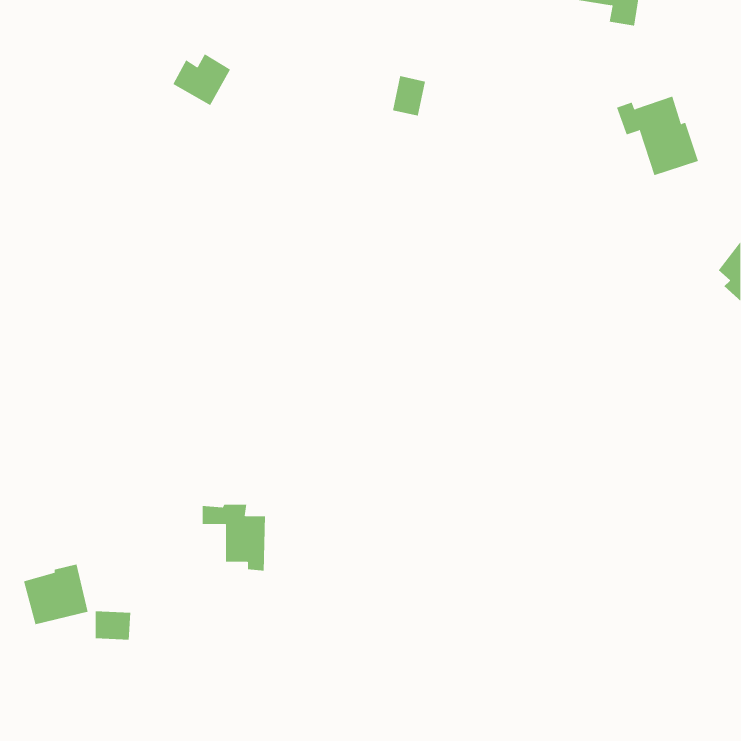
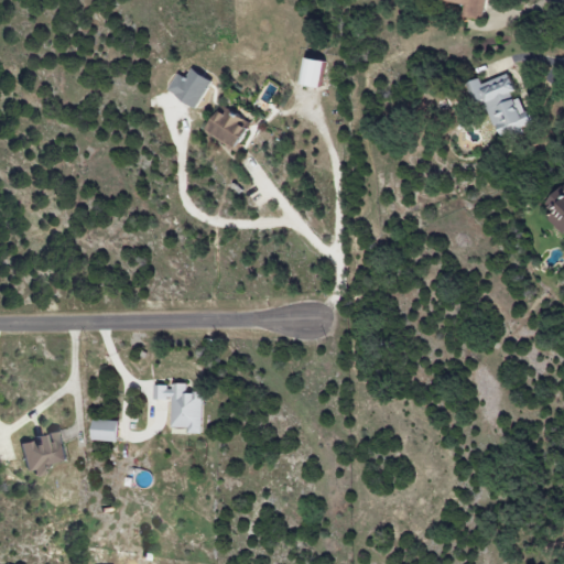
building: [173,54,231,106] -> [166,68,210,108]
building: none -> [205,109,243,145]
building: [95,611,131,640] -> [90,419,118,441]

